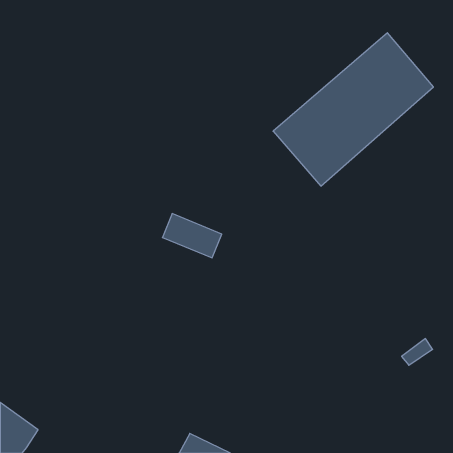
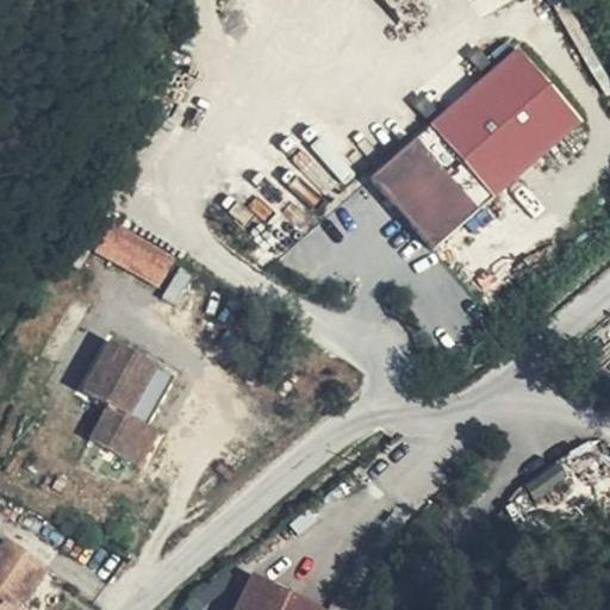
building: [162,214,222,258] -> [95,224,175,284]
building: none -> [82,338,174,465]

